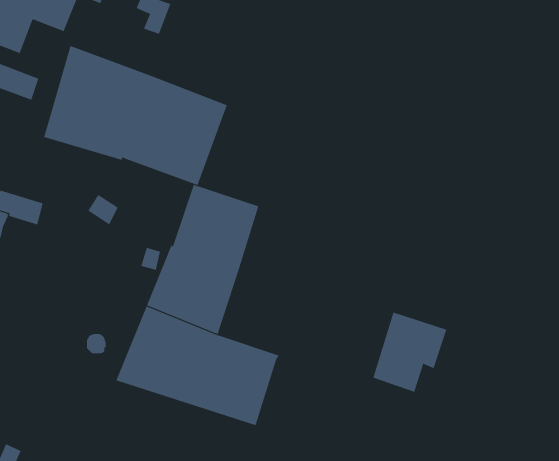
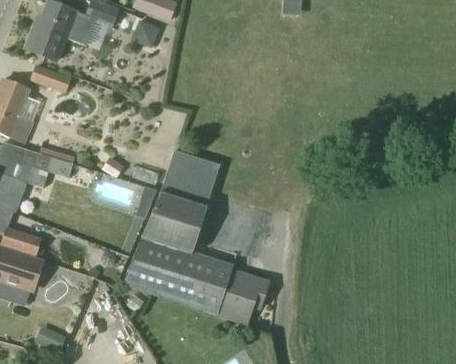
building: [43,45,227,186] -> none
building: [372,312,447,392] -> [217,270,268,325]

